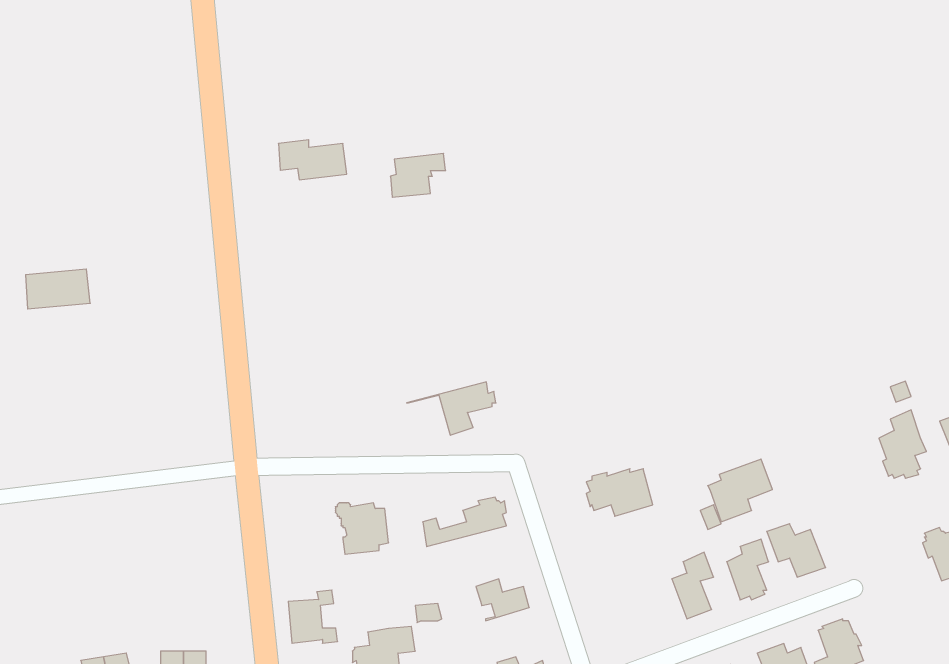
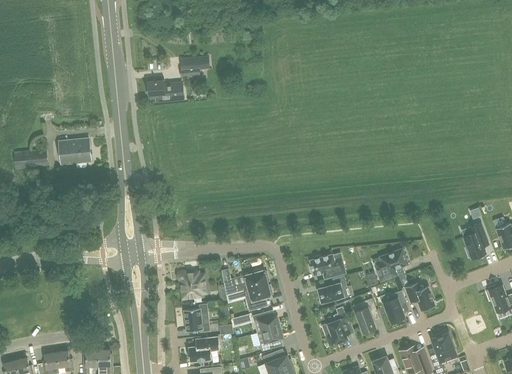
building: [390,153,446,197] -> [179,55,208,78]
building: none -> [58,138,90,163]
building: [407,382,496,435] -> [225,283,272,311]
building: none -> [317,275,346,302]
building: none -> [326,306,350,345]
building: [288,590,338,643] -> [183,303,209,331]
building: none -> [256,326,282,350]

